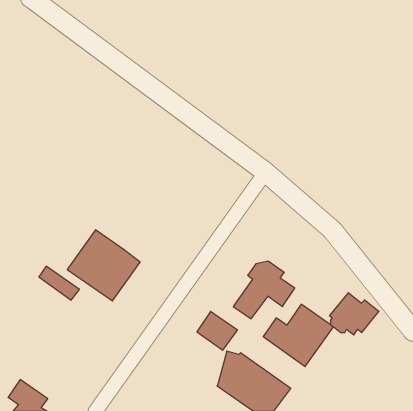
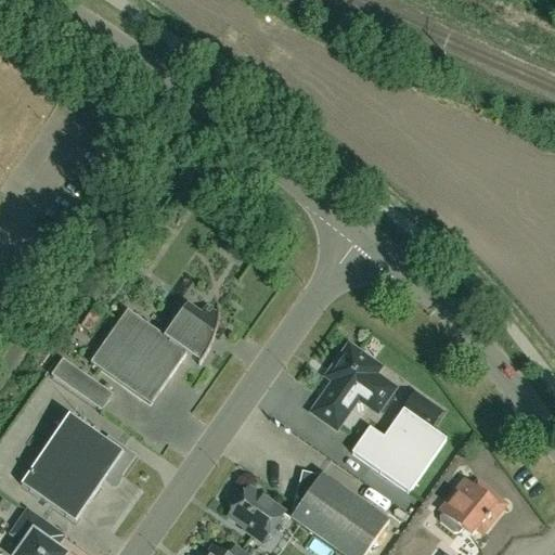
building: none -> [165,301,219,363]
building: [330,293,379,335] -> [439,478,505,534]
building: none -> [21,410,137,520]
building: [197,311,237,350] -> [230,487,284,539]

